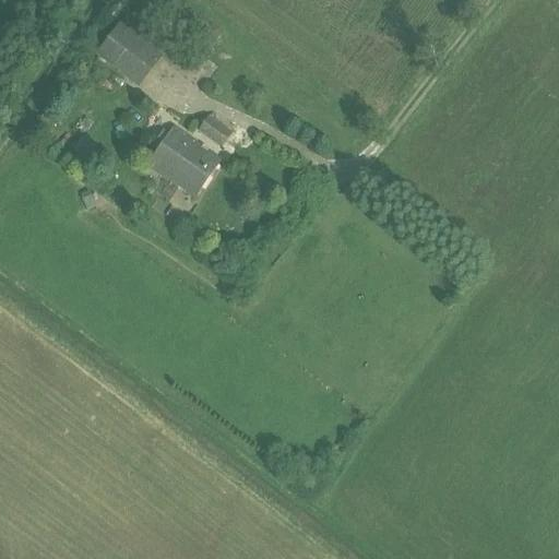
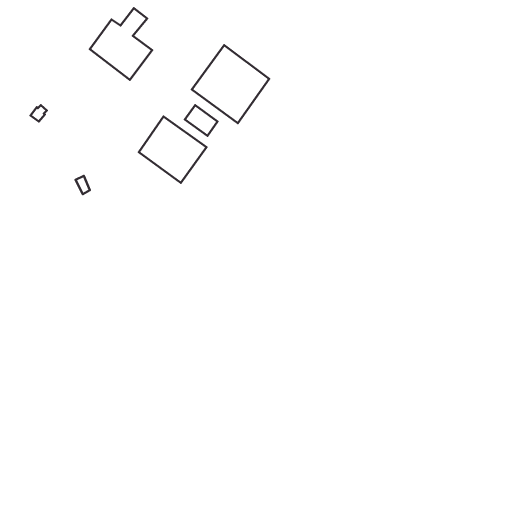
building: none -> [192,45,269,123]

